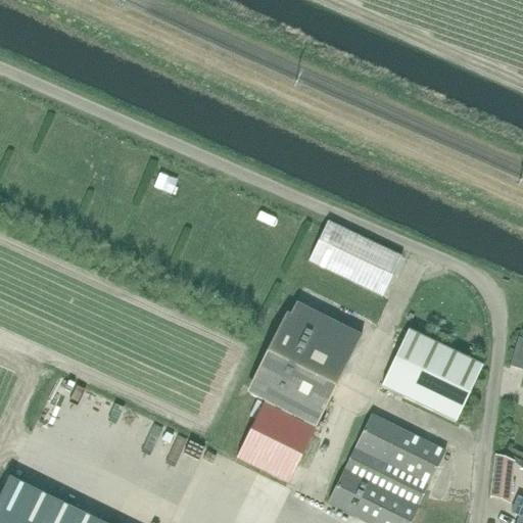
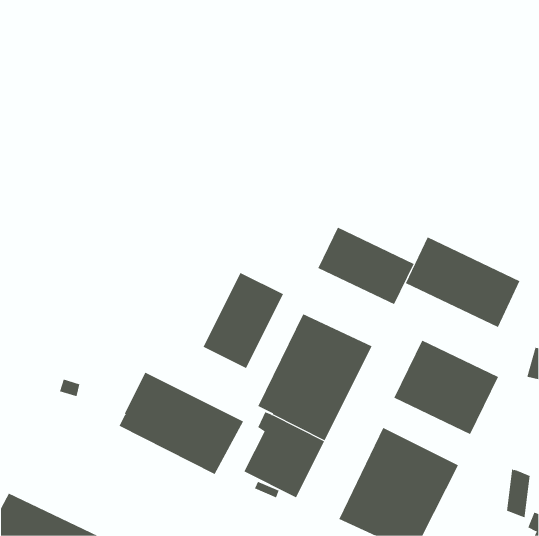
building: none -> [405,236,520,328]
building: none -> [203,272,284,369]
building: none -> [119,372,244,475]

